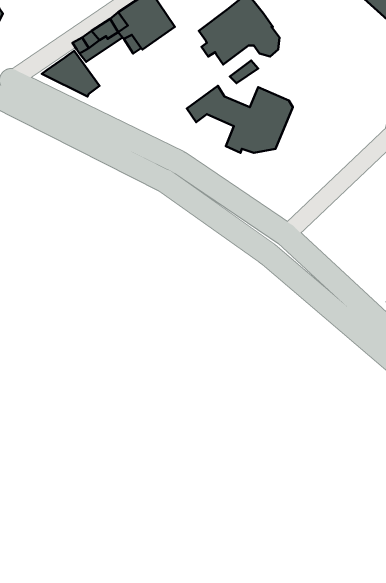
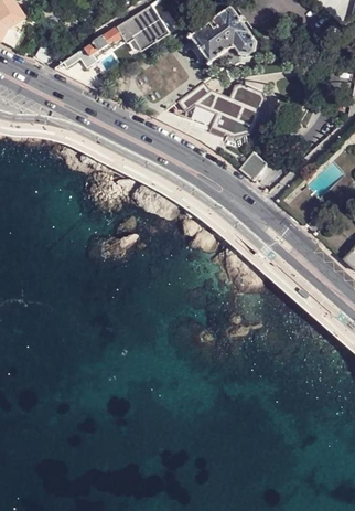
building: none -> [238,150,267,180]

